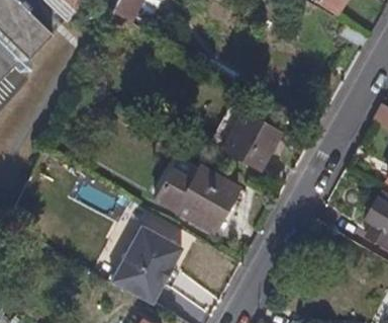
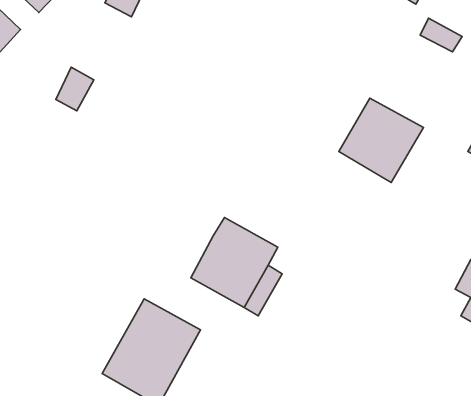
building: [221,111,282,172] -> [339,98,423,182]
building: [155,169,191,211] -> none

